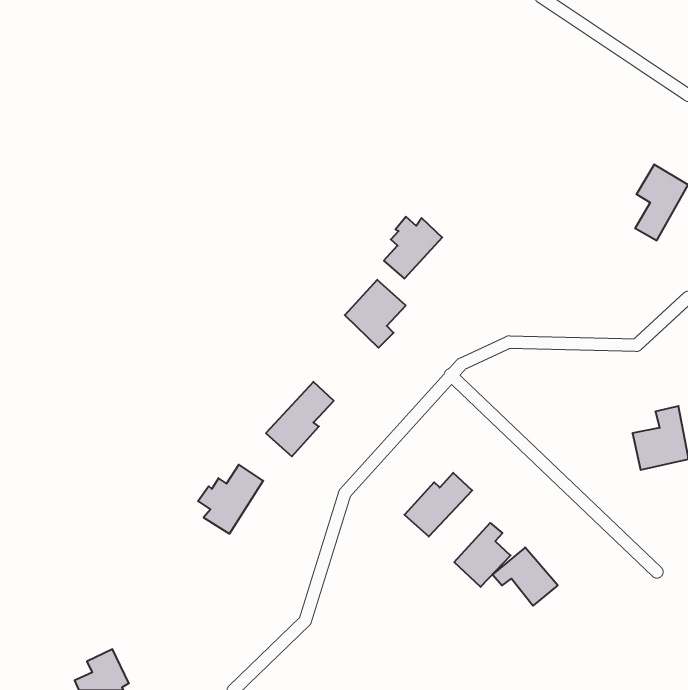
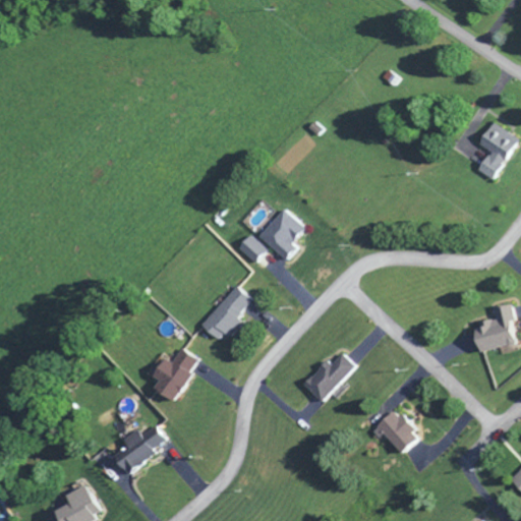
building: [384,217,442,279] -> none
building: none -> [237,236,265,264]
building: [454,523,511,587] -> none
building: none -> [113,425,162,474]

